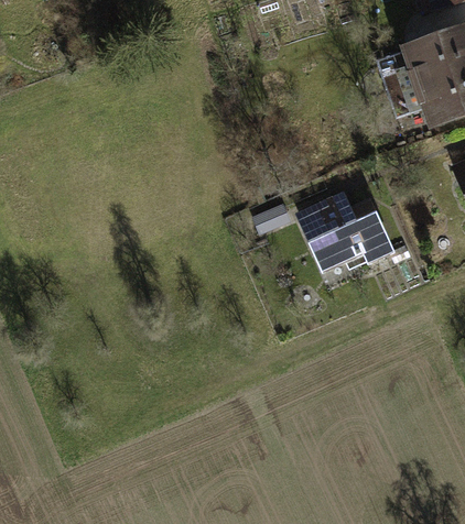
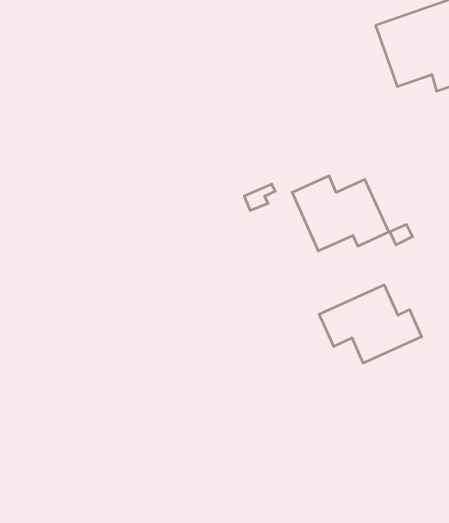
building: none -> [319,285,422,363]

